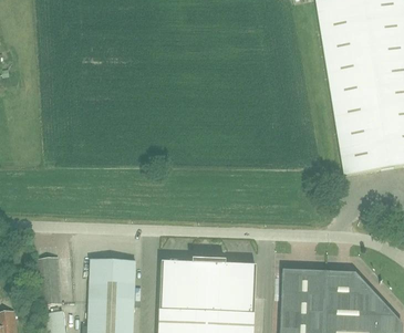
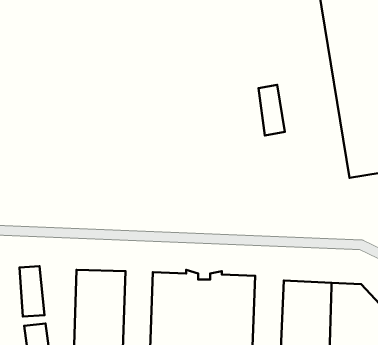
building: none -> [258,85,285,135]

